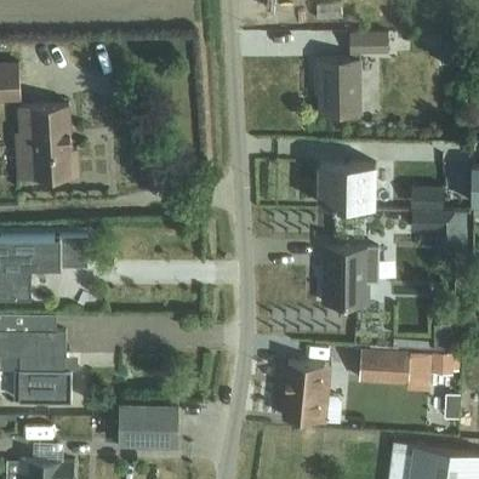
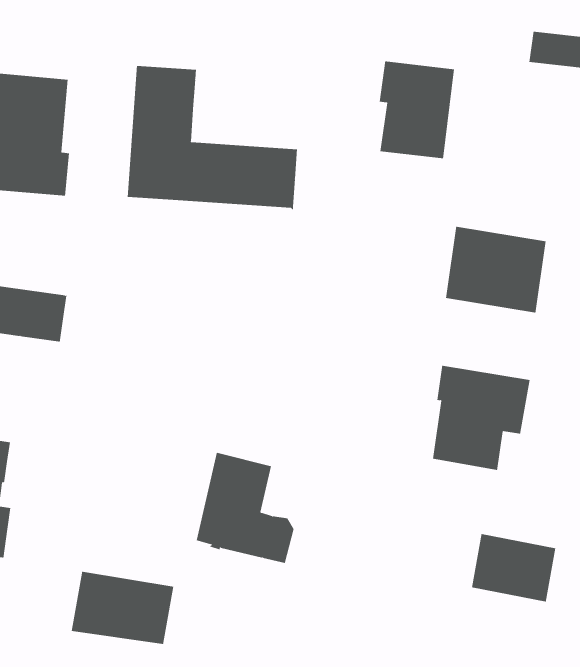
building: [315,59,360,116] -> [379,61,455,159]
building: none -> [127,65,297,211]
building: [283,363,342,424] -> [196,452,295,563]

